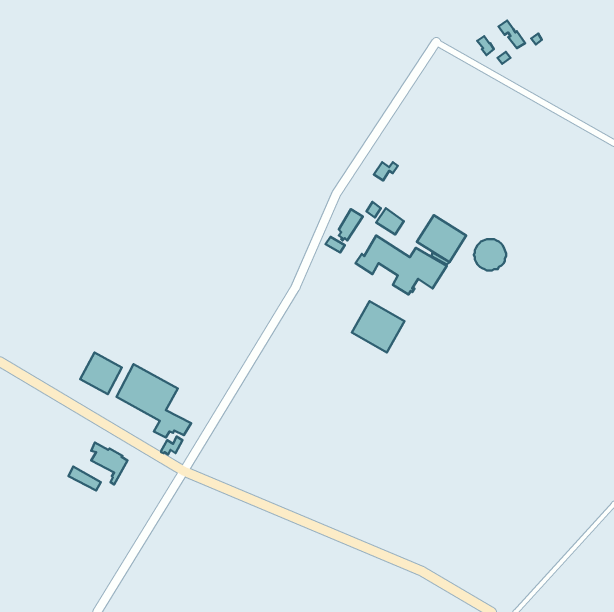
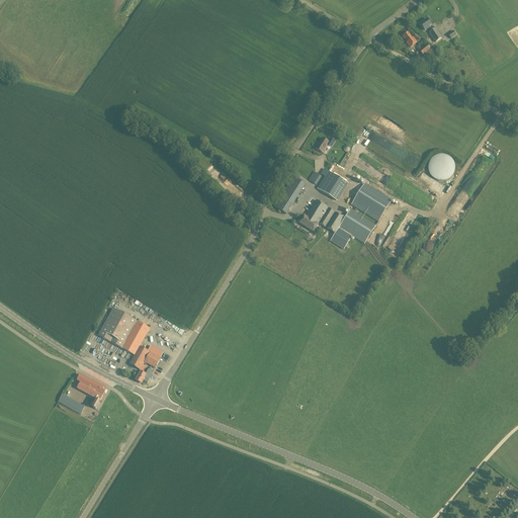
building: [474,239,506,270] -> [428,153,455,179]
building: [352,301,405,353] -> none
building: [80,353,122,394] -> none

